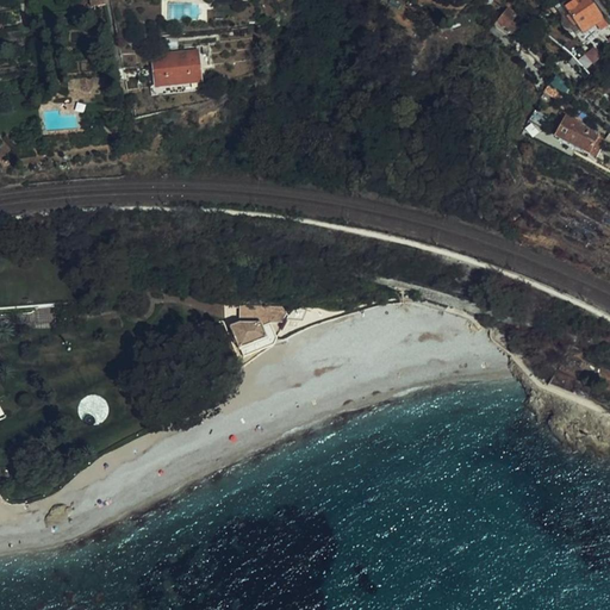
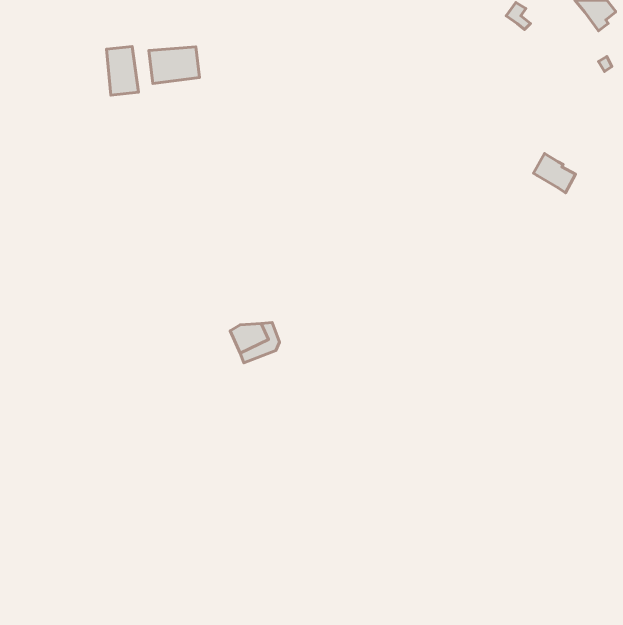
building: none -> [107,47,139,95]
building: [555,113,596,151] -> [534,153,575,193]

